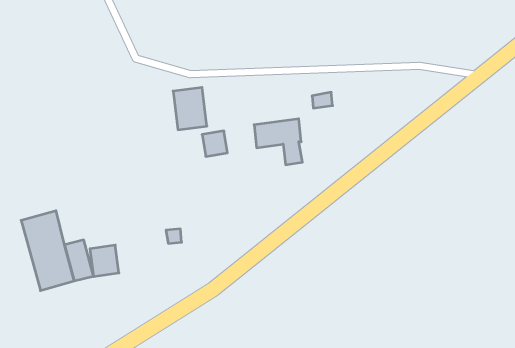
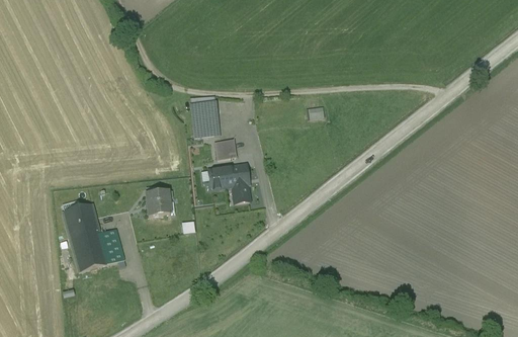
building: [254,119,302,165] -> [208,163,249,201]
building: [90,245,119,277] -> [147,189,171,216]

